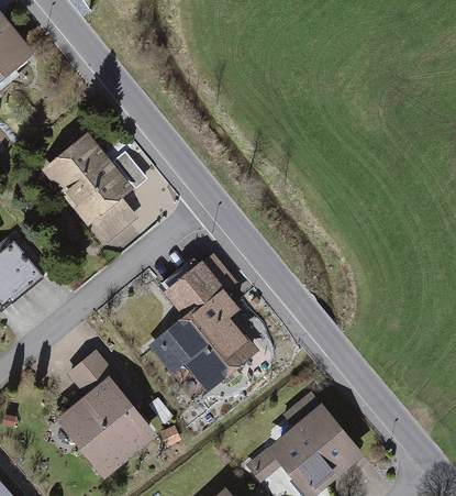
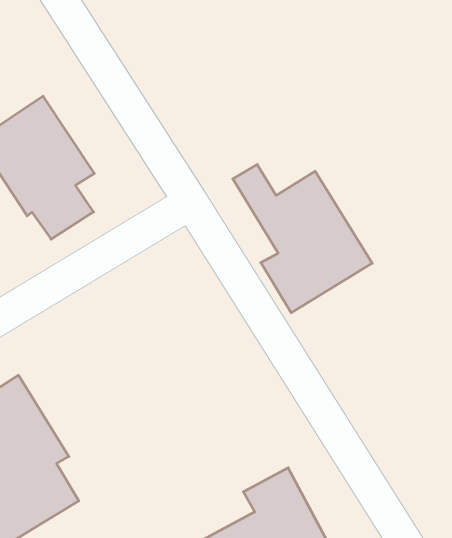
building: none -> [233,164,372,313]
building: [132,264,258,401] -> none

